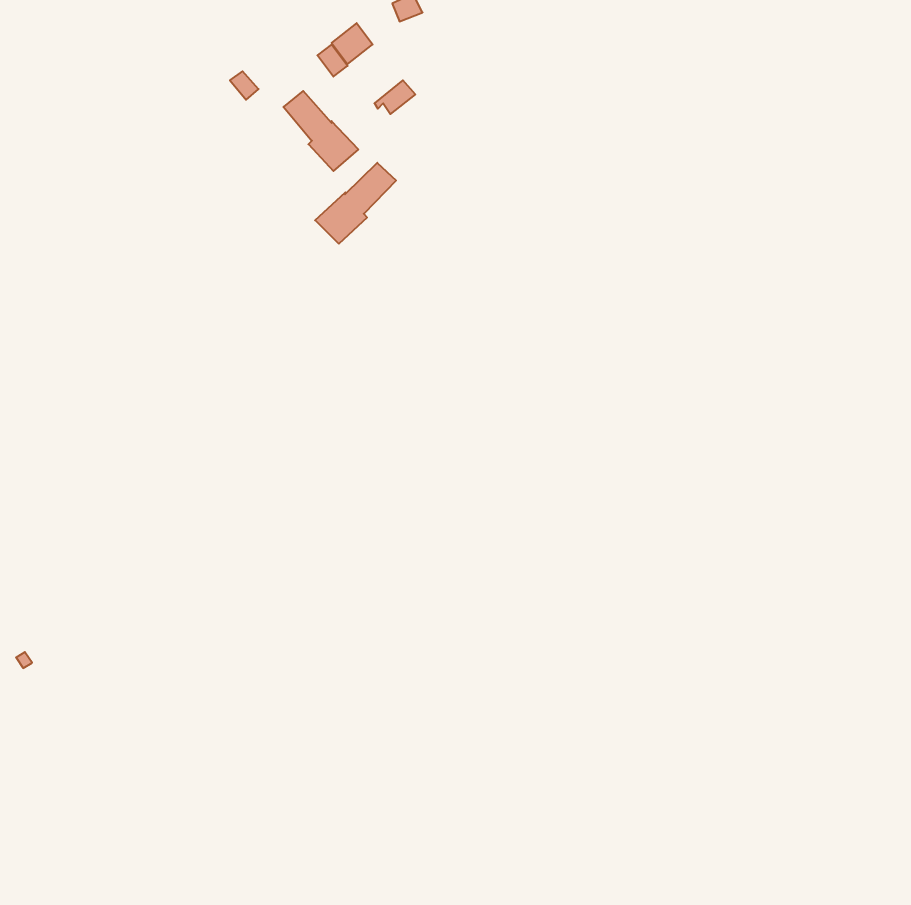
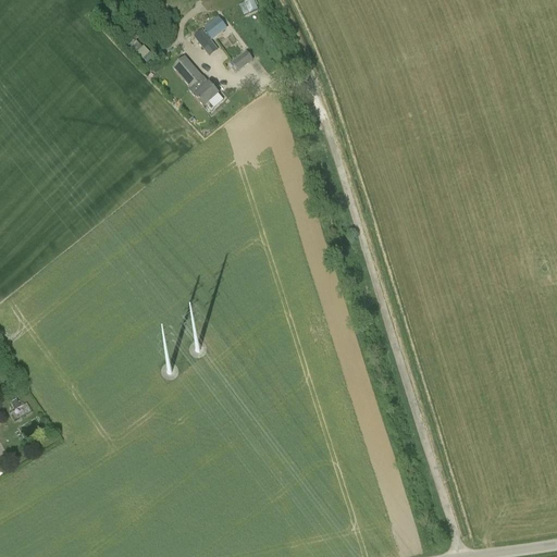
building: [315,163,396,244] -> none

